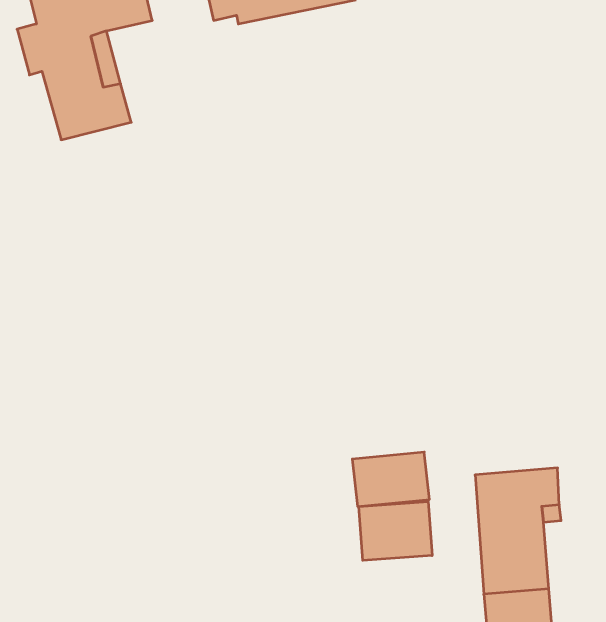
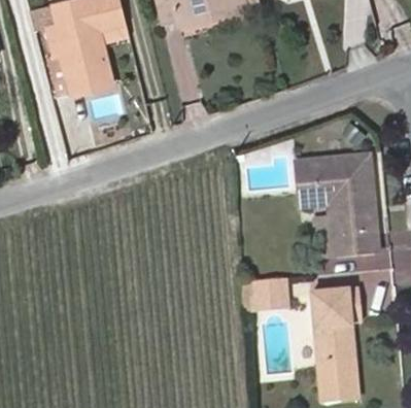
building: none -> [296,156,377,253]
building: [359,502,432,560] -> none

